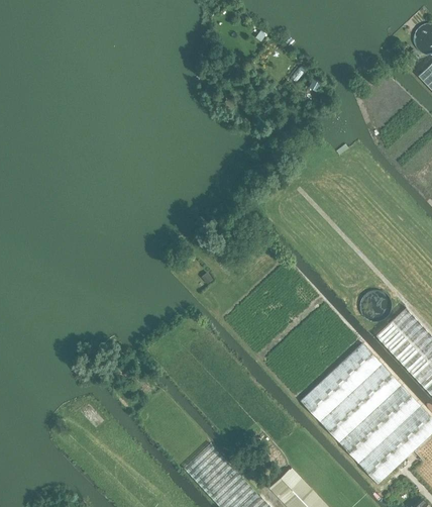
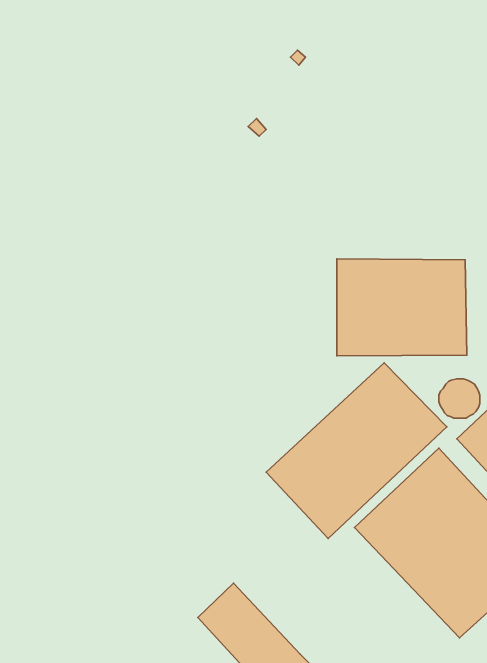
building: none -> [337,259,467,356]
building: none -> [266,363,447,539]

